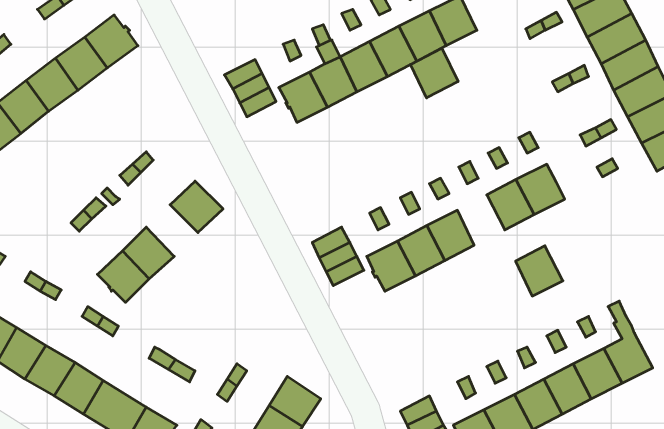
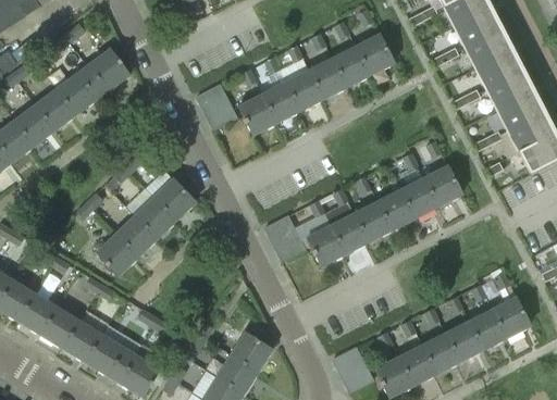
building: [410,48,458,98] -> none
building: none -> [125,188,174,238]
building: [516,246,563,296] -> [376,190,413,229]

